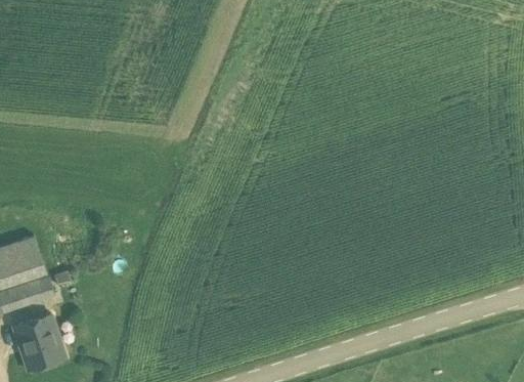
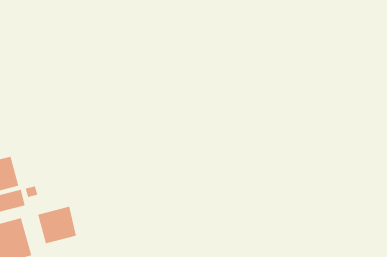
building: none -> [37,206,77,244]

